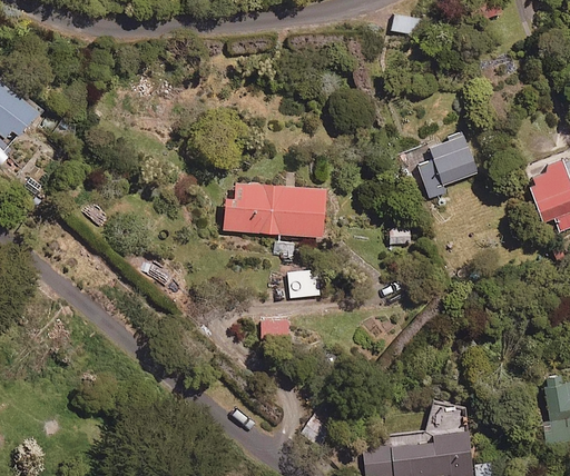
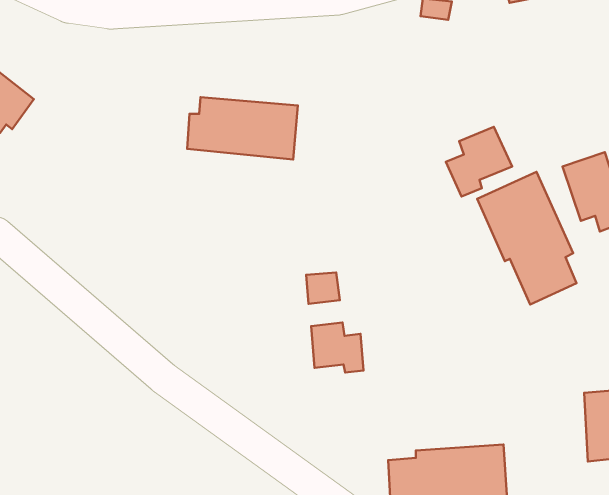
building: none -> [477,172,577,304]
building: [224,181,326,239] -> [187,97,298,160]
building: none -> [311,323,363,373]

